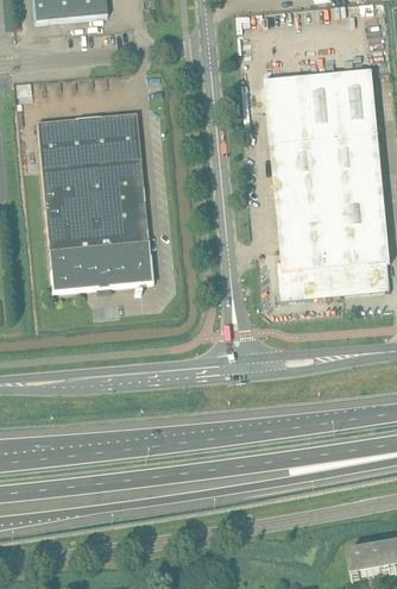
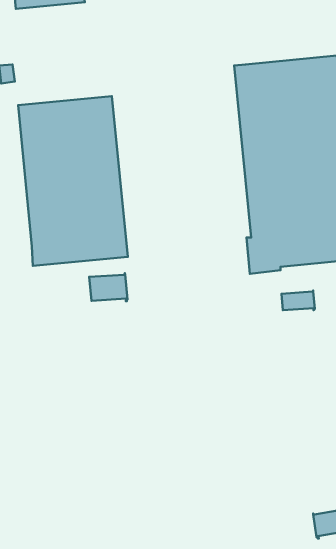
building: none -> [89,273,128,301]
building: none -> [282,291,315,310]

